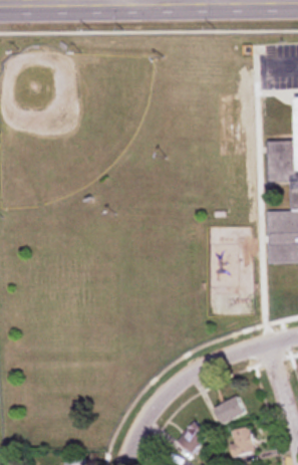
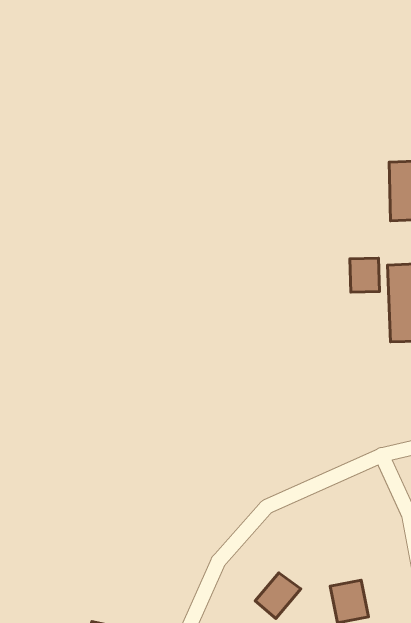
building: none -> [350,258,380,292]
building: [212,396,242,424] -> none

